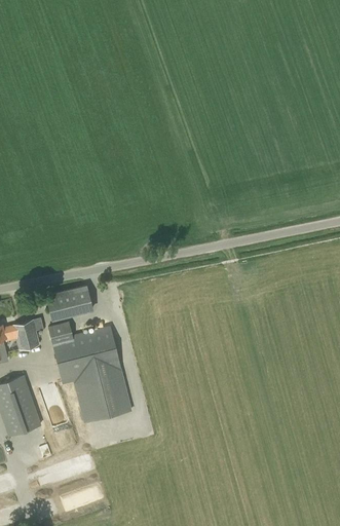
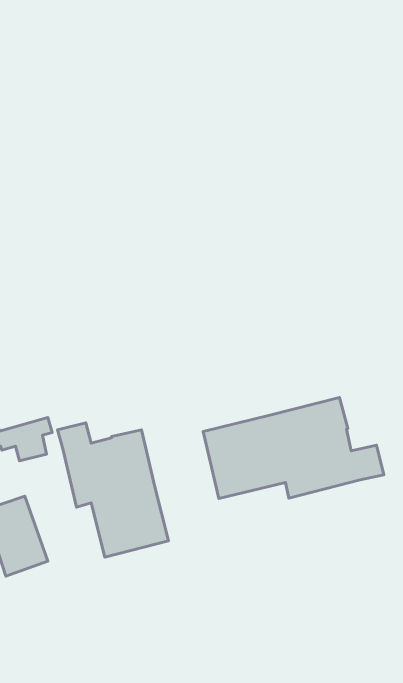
building: [35,286,93,320] -> none
building: none -> [203,398,384,499]

